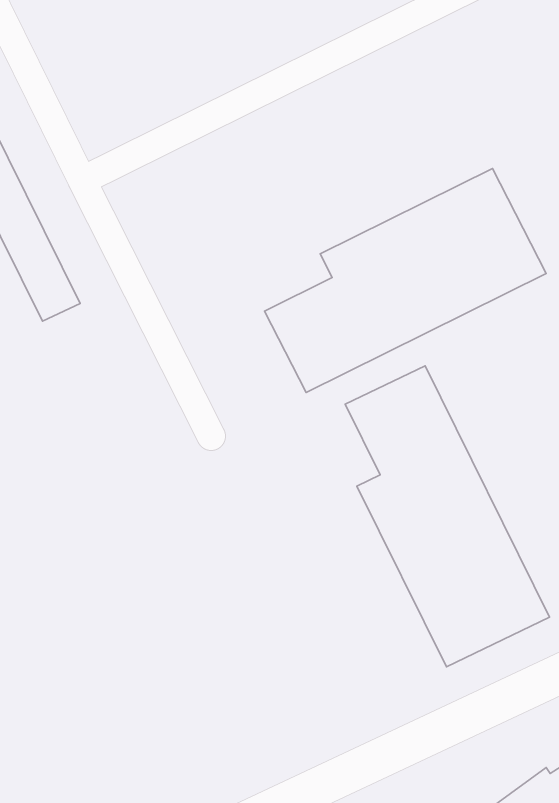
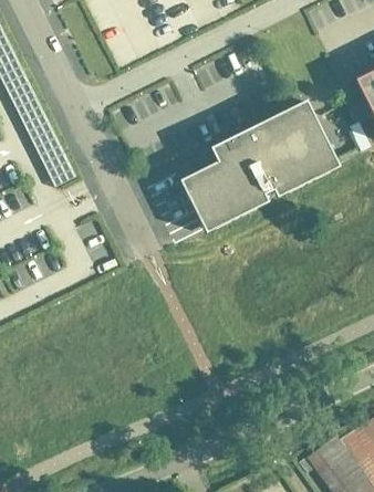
building: [345,366,550,667] -> none

